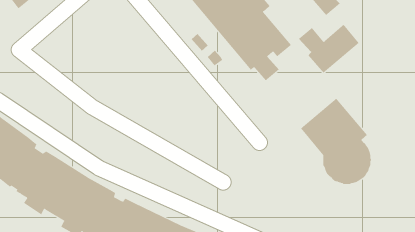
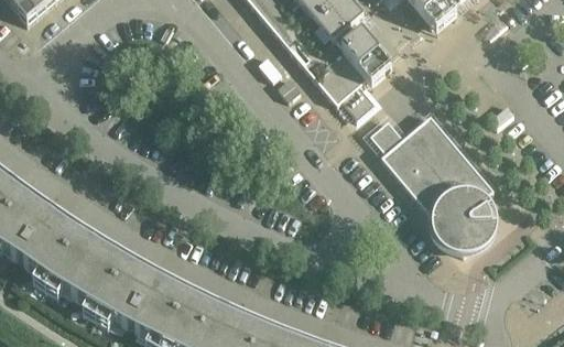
building: [298,24,359,74] -> [368,115,449,181]

